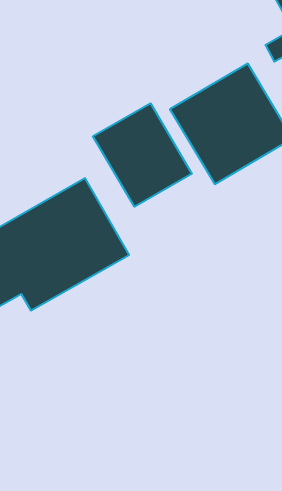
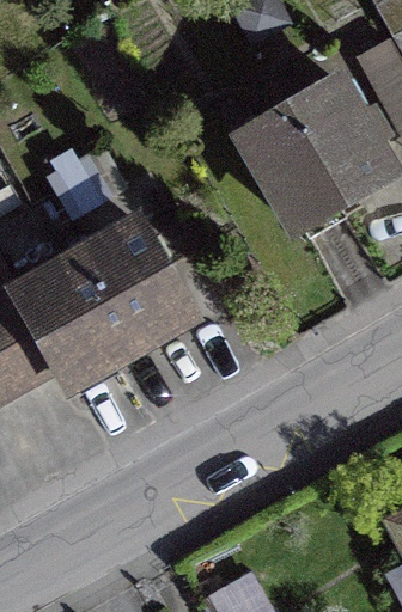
building: [93,103,192,207] -> none

